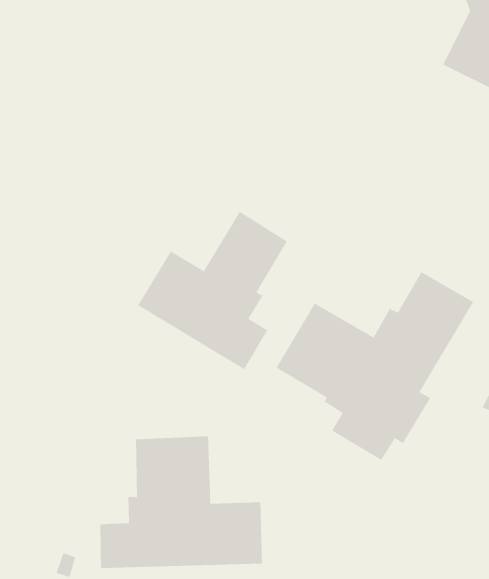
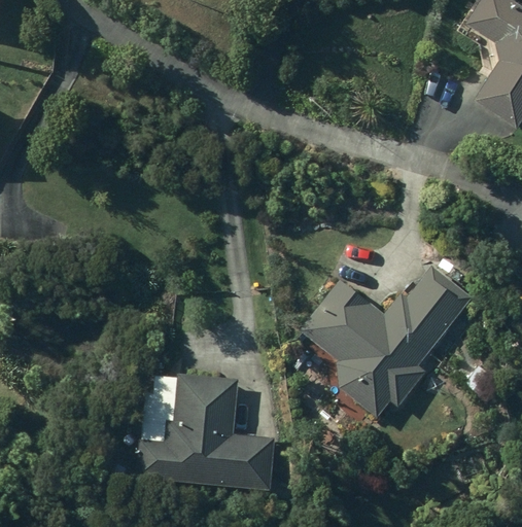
building: [137,211,288,370] -> none

